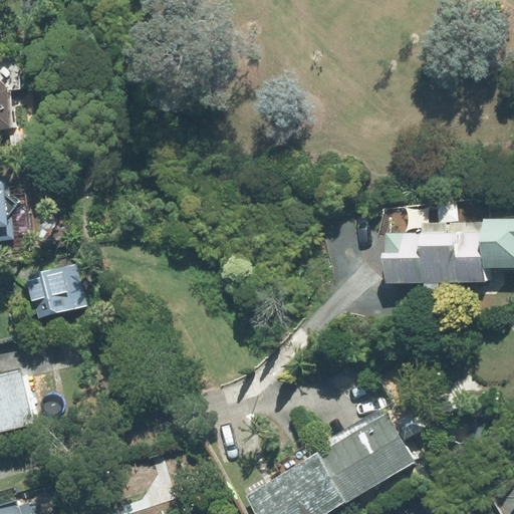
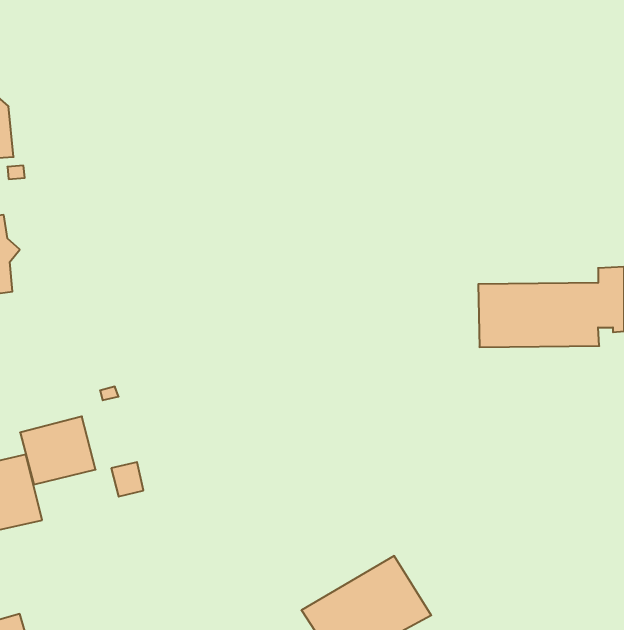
building: [24,262,85,317] -> [20,416,96,484]
building: [320,413,418,501] -> none

